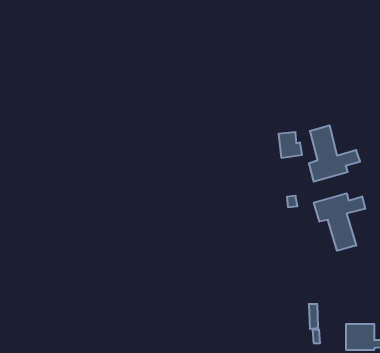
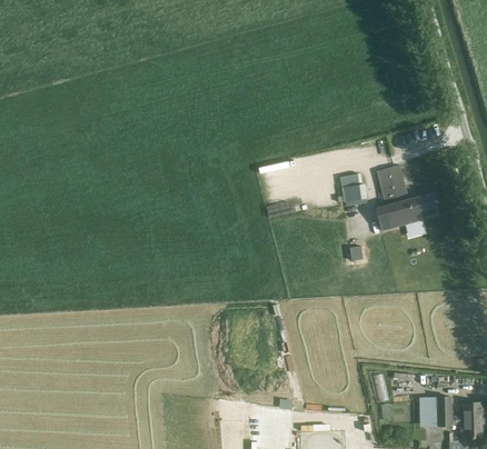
building: [314,193,365,251] -> none

